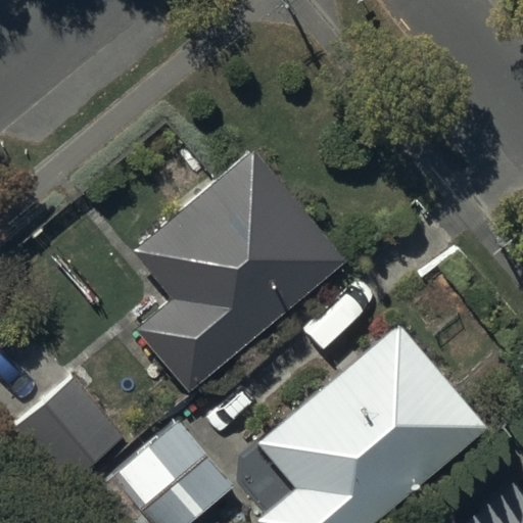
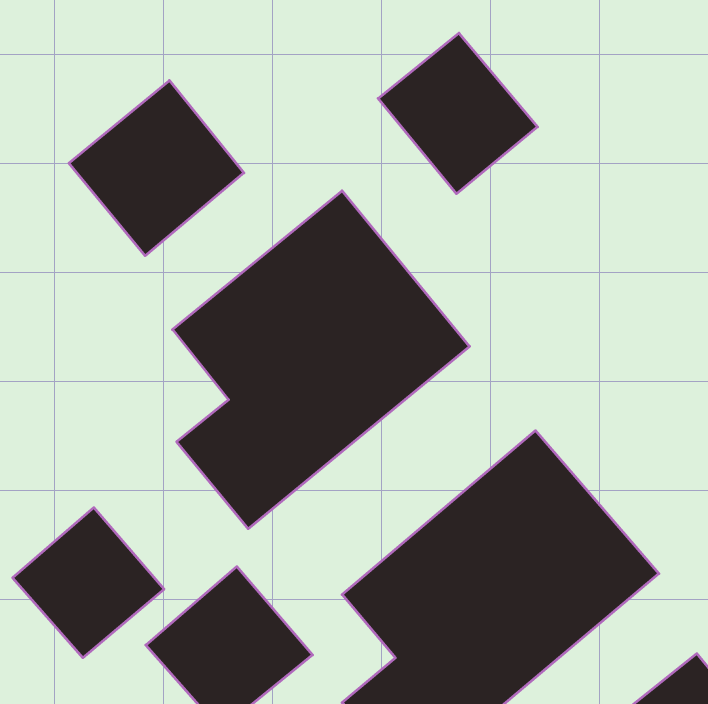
building: none -> [378,33,538,194]
building: none -> [69,80,244,256]

